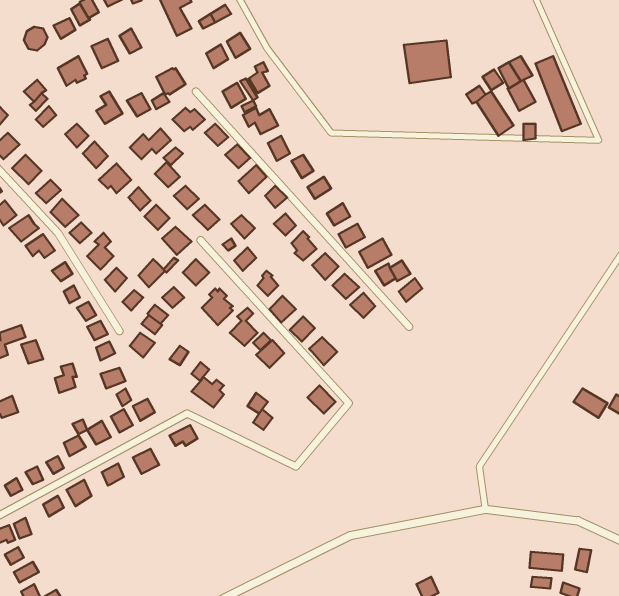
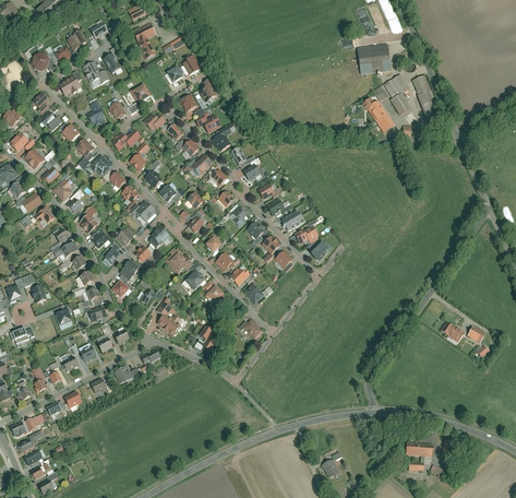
building: [404,41,451,83] -> [357,43,392,74]

